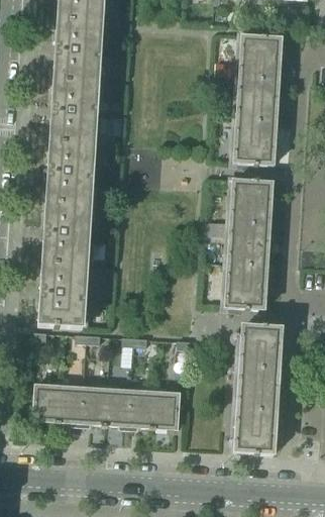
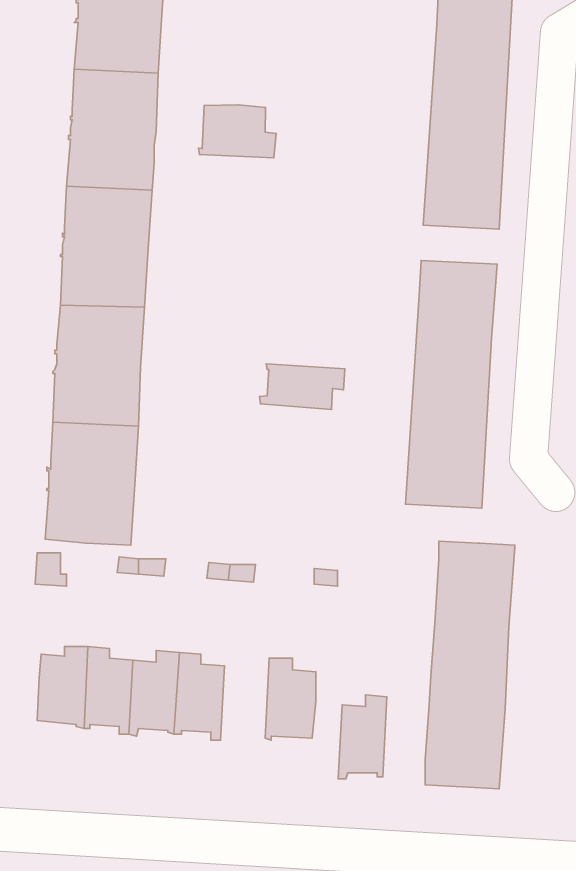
building: none -> [198,105,276,158]
building: none -> [260,364,345,410]
building: [129,385,154,428] -> [338,695,387,779]

